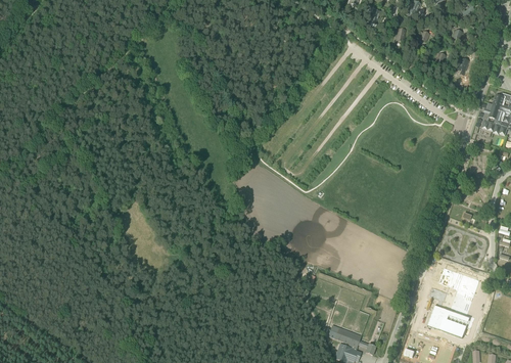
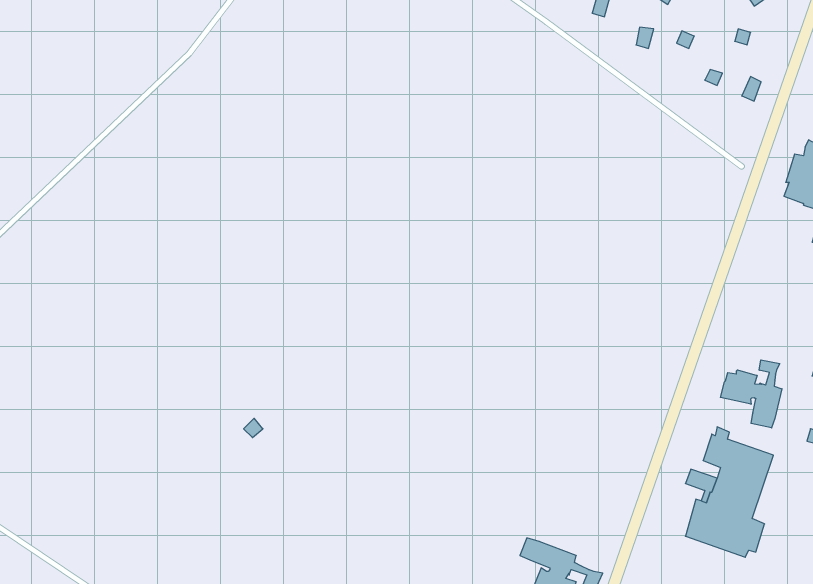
building: none -> [720,360,782,428]

